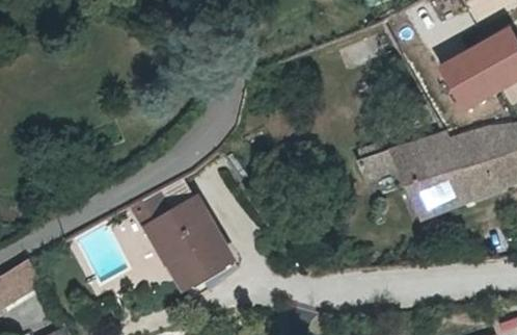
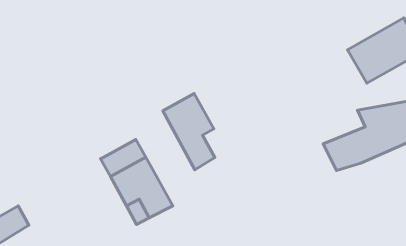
building: none -> [163,94,215,170]
building: [357,135,460,182] -> none

